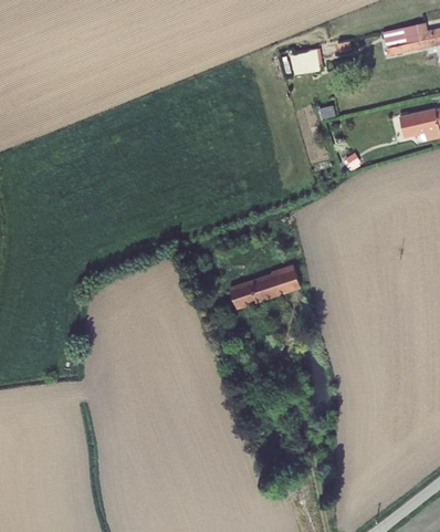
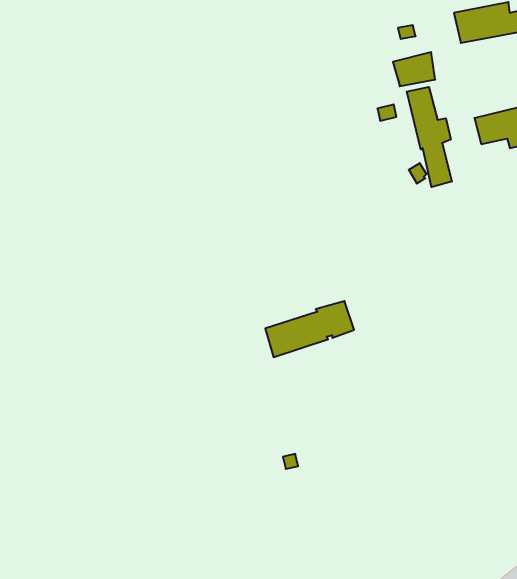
building: [289,48,323,75] -> [393,52,435,86]
building: none -> [407,87,452,187]

